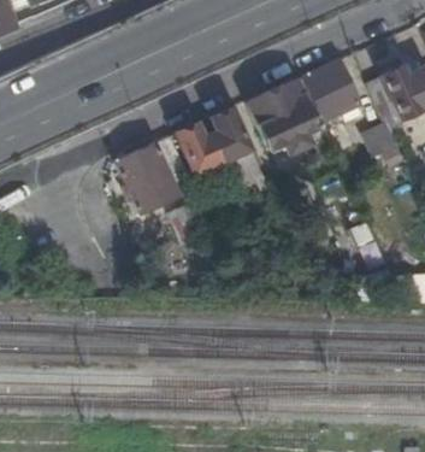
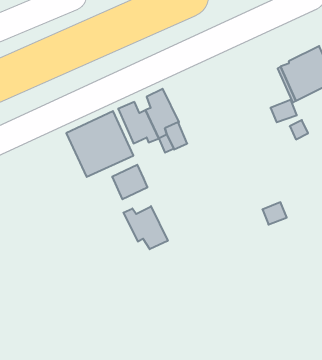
building: [303,60,358,118] -> none
building: [247,78,318,153] -> none
building: none -> [123,206,168,249]

